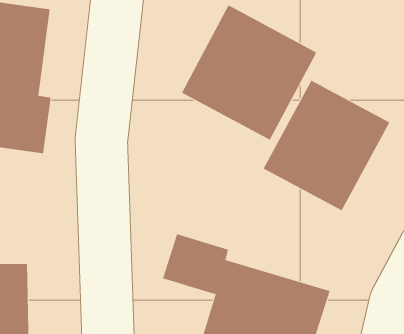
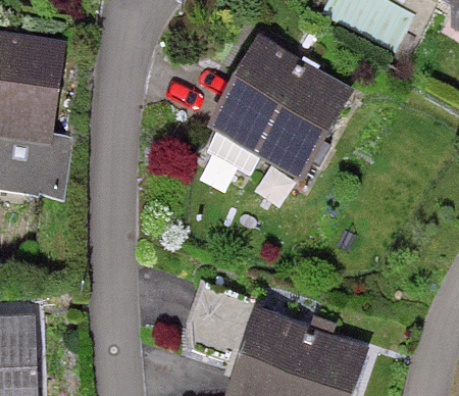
building: [263,80,390,211] -> none

